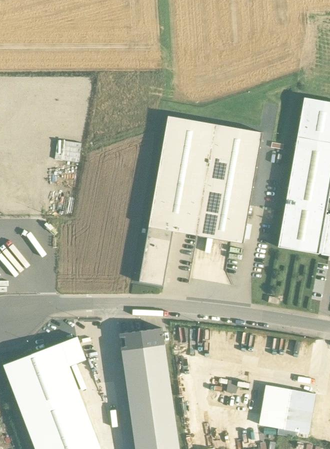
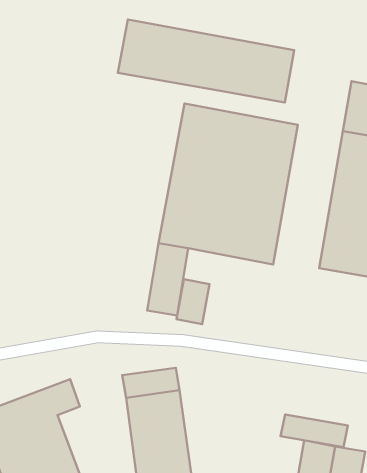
building: none -> [118,19,294,103]
building: none -> [176,279,209,324]
building: none -> [281,415,348,447]

